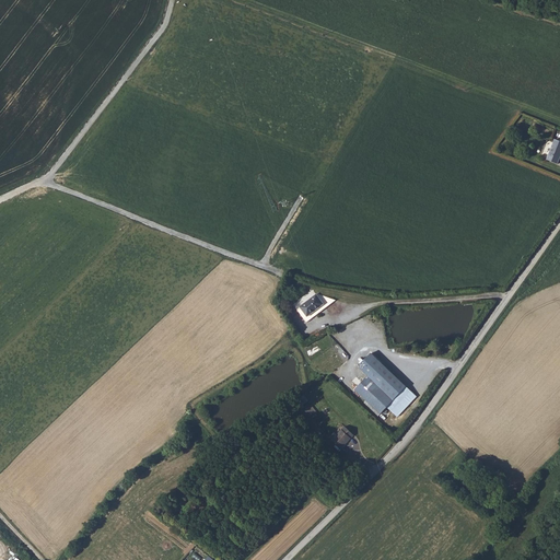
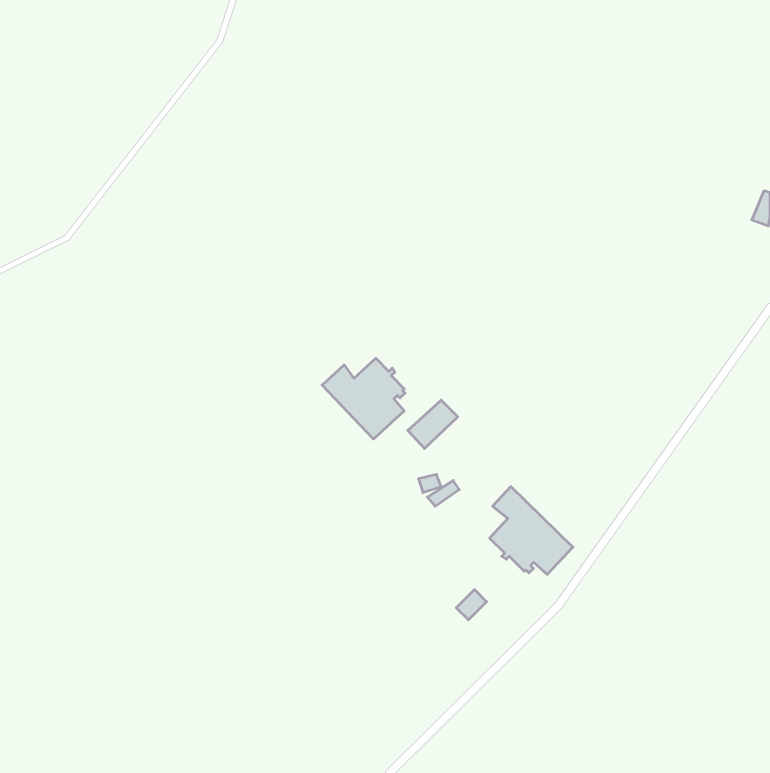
building: none -> [322,358,405,439]

